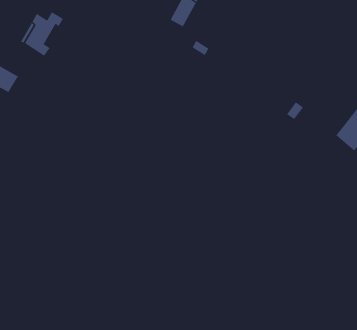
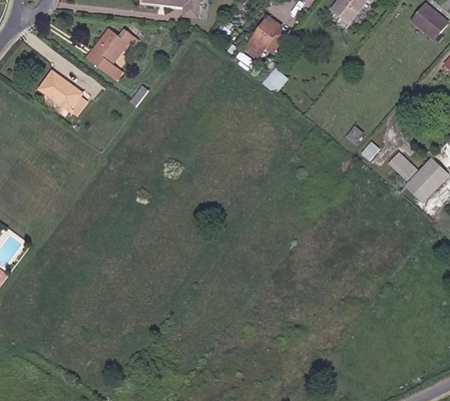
building: none -> [389,151,419,180]

